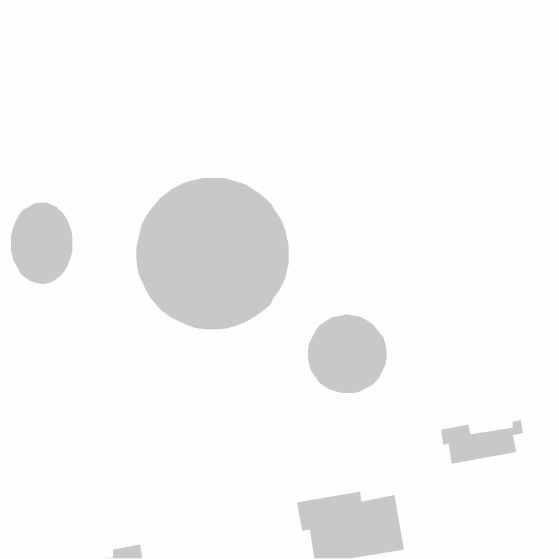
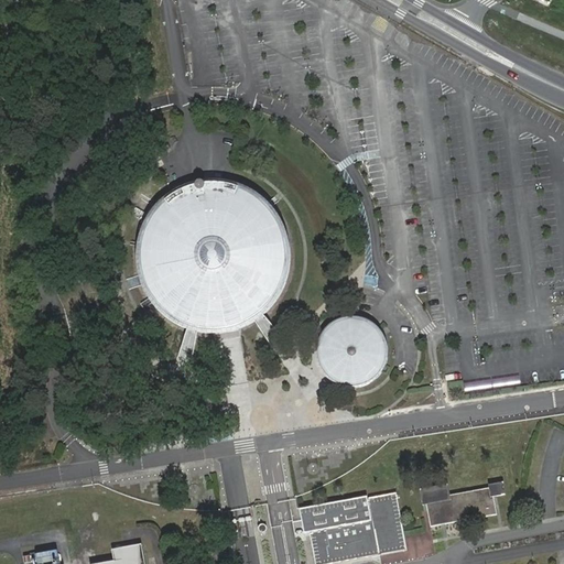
building: [10,202,73,285] -> none
building: [440,419,524,464] -> [417,480,501,525]

